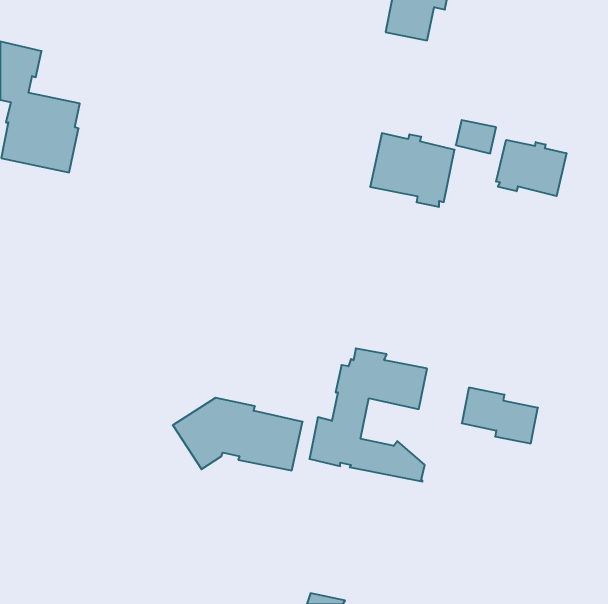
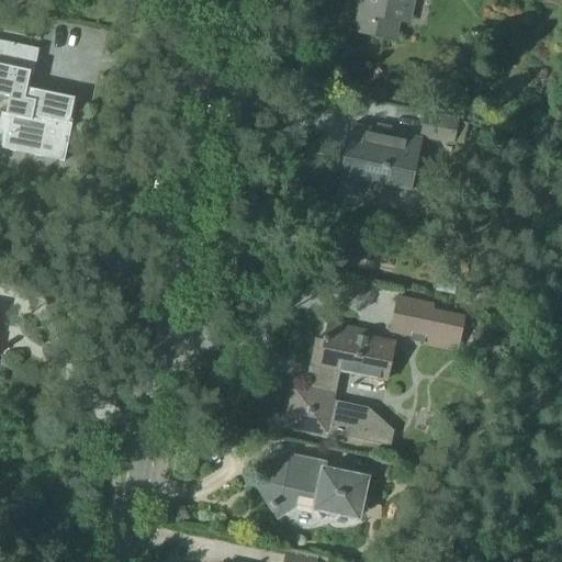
building: [496,140,566,196] -> none
building: [462,388,538,443] -> [392,296,462,348]
building: [173,398,303,470] -> [250,452,370,519]

